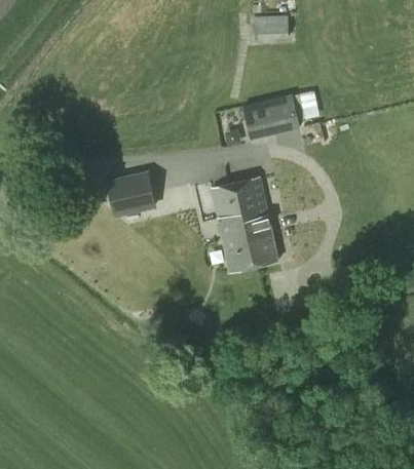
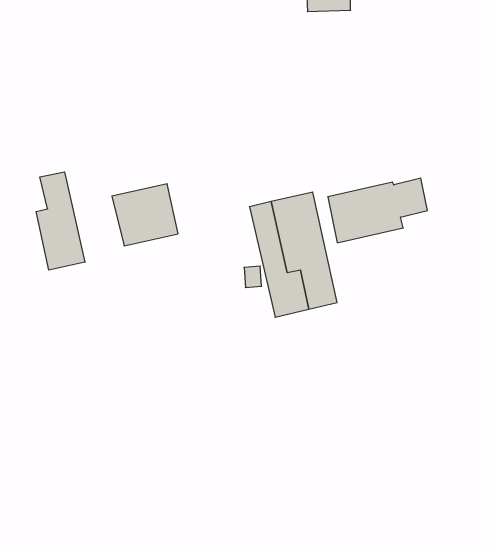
building: [242,90,318,140] -> [328,178,427,243]
building: none -> [36,172,85,270]

